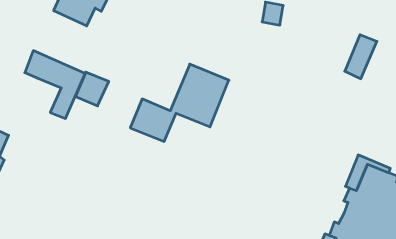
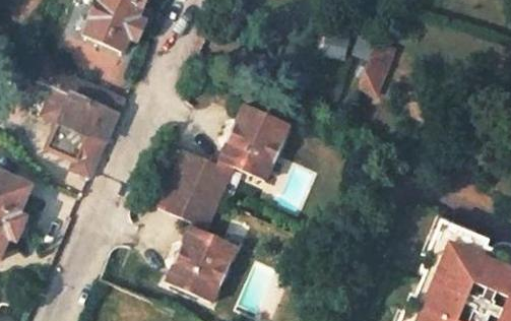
building: [345,35,377,79] -> [360,42,398,94]
building: [75,72,109,106] -> [49,122,88,163]
building: none -> [157,181,238,303]

